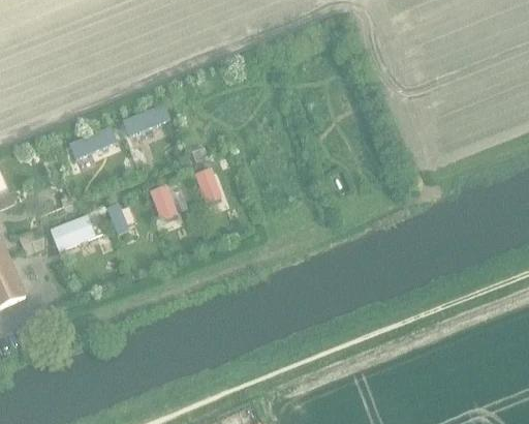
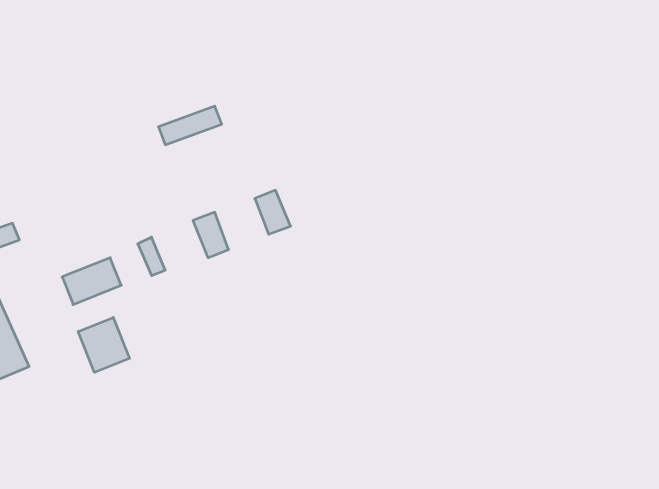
building: [70,125,117,156] -> none
building: none -> [78,317,130,372]

